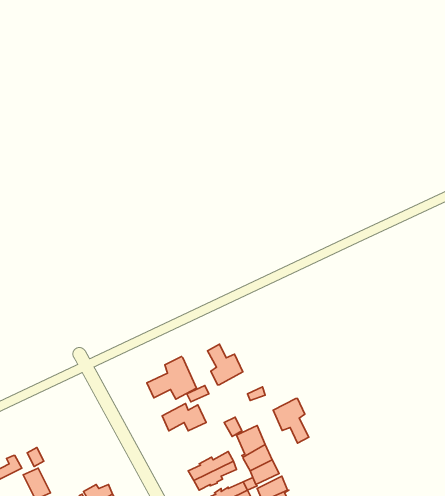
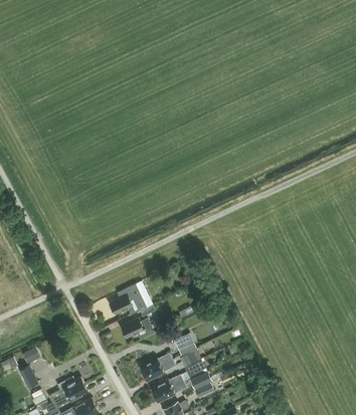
building: [208,344,243,385] -> none
building: [273,398,309,443] -> none

